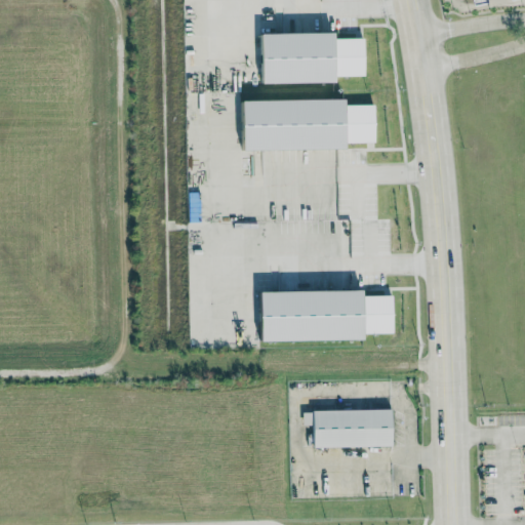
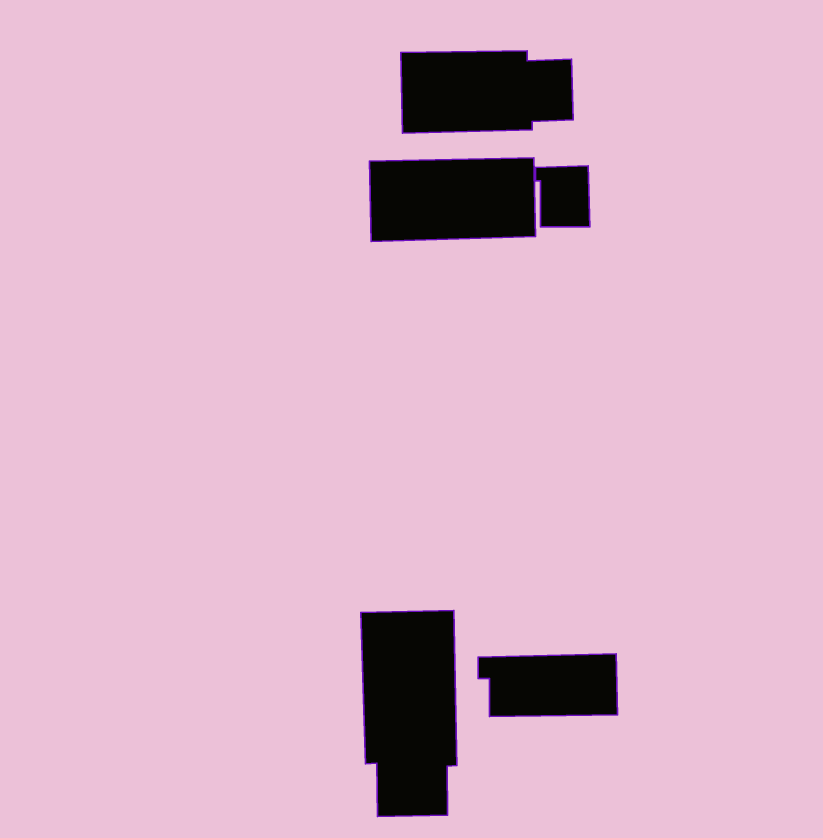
building: [258,290,396,340] -> none
building: none -> [361,610,457,816]

